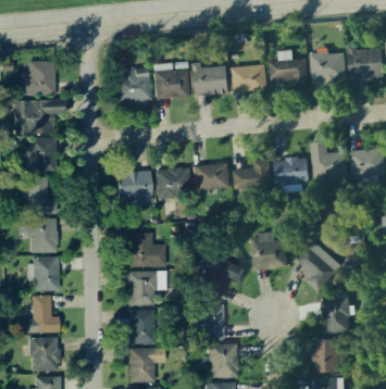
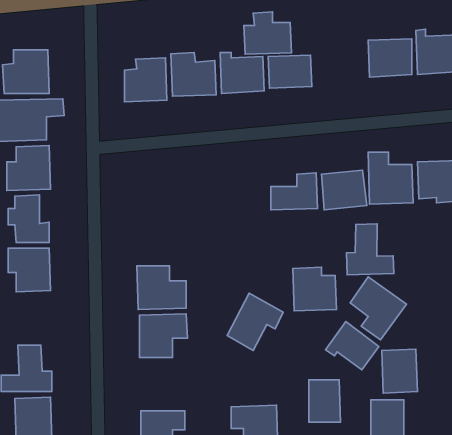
building: [269,50,307,84] -> [244,12,292,54]
building: [194,164,228,189] -> none
building: [155,167,190,199] -> none
building: [117,171,152,203] -> none
building: none -> [346,224,394,275]
building: [29,256,59,291] -> none
building: none -> [326,322,379,370]
building: [199,305,224,339] -> [309,380,340,422]
building: [128,309,154,344] -> none

